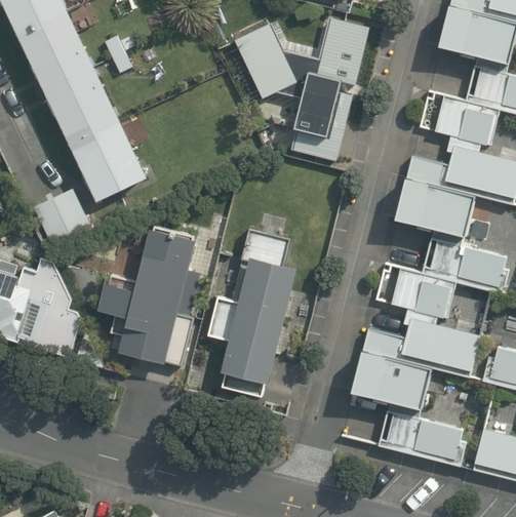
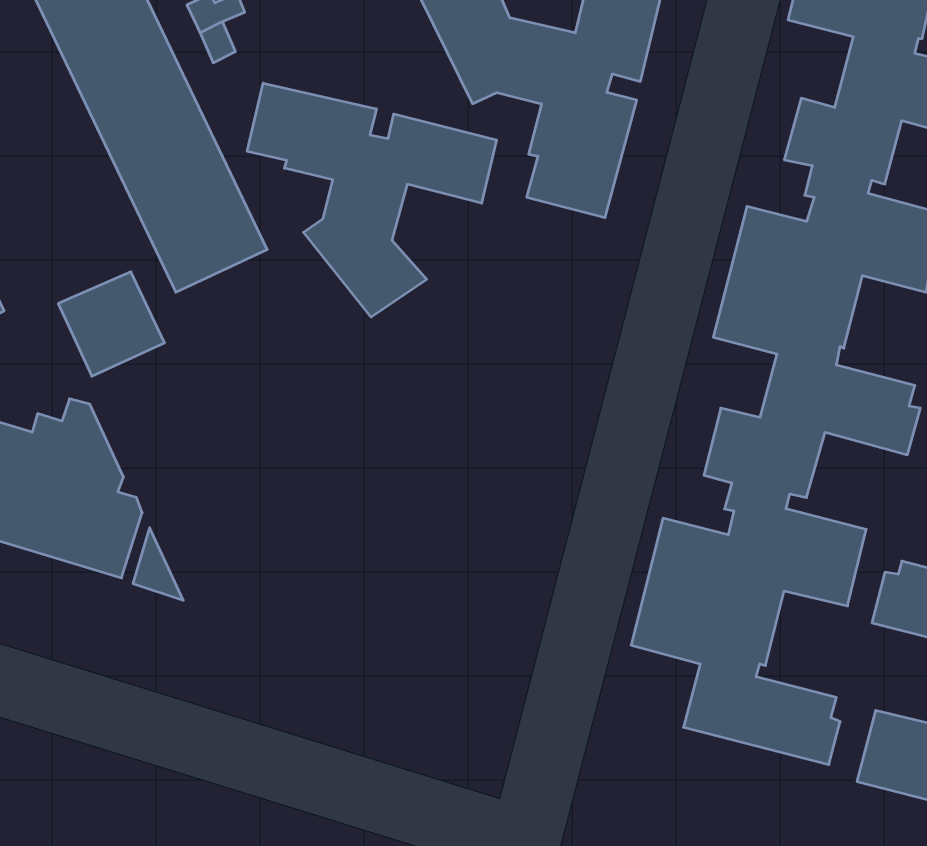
building: none -> [247,83,497,317]
building: [207,228,299,396] -> none
building: [97,230,201,366] -> none

